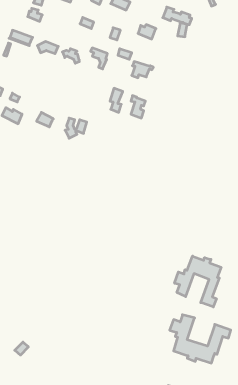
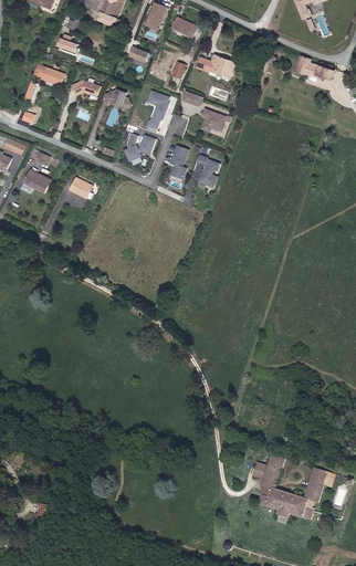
building: [163,7,192,25] -> [294,55,334,80]
building: [65,118,87,138] -> [124,133,154,160]
building: [175,256,221,307] -> none

